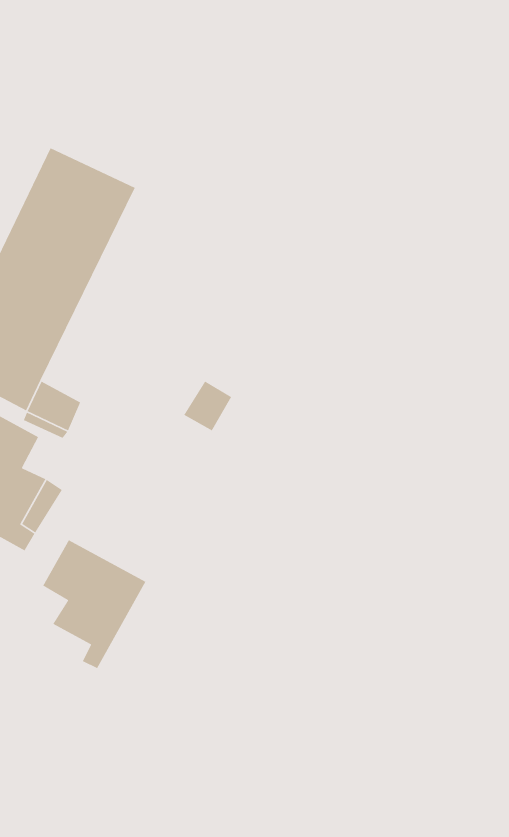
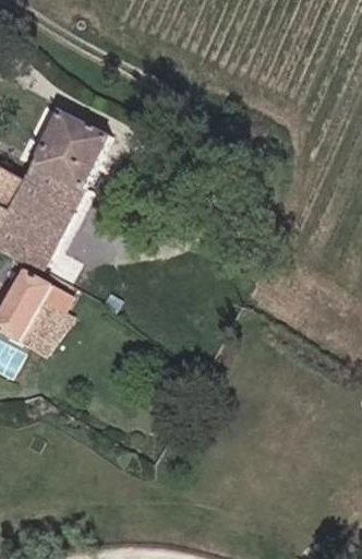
building: [42,539,146,669] -> none

